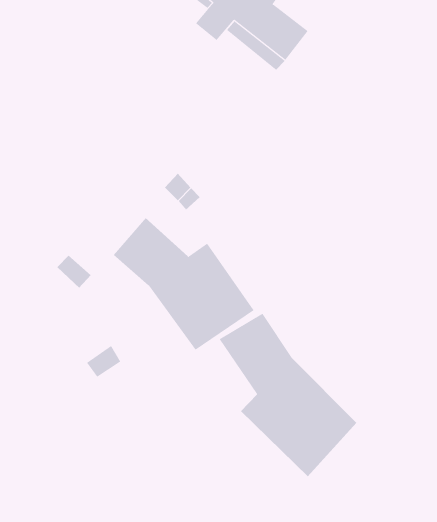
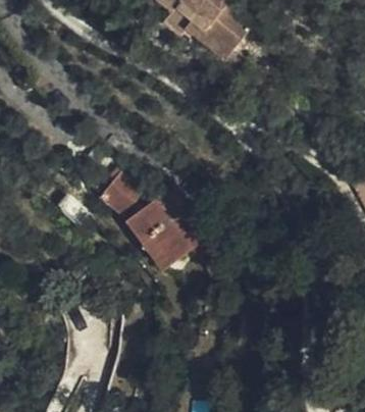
building: [219,313,357,477] -> none

